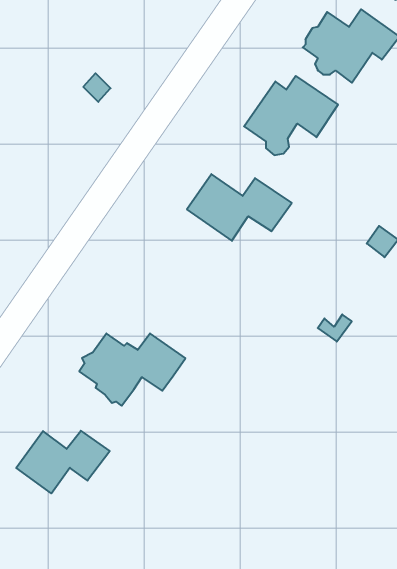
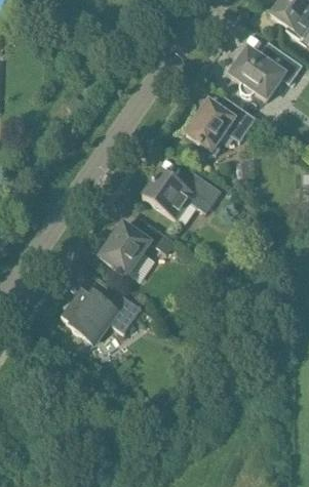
building: none -> [100,221,173,274]
building: [16,431,110,493] -> none

